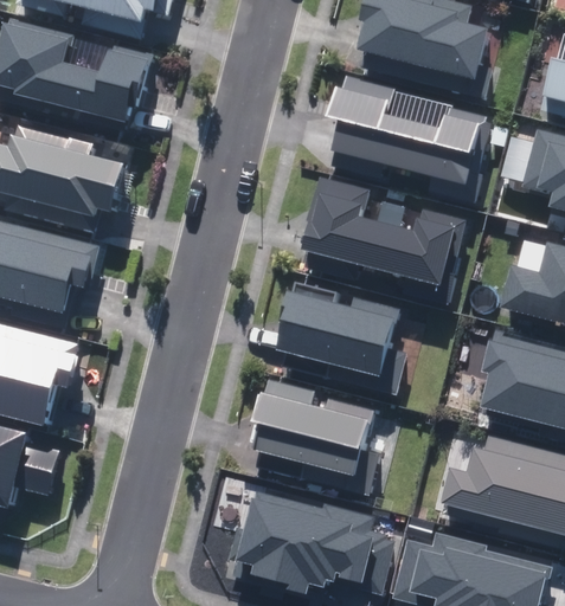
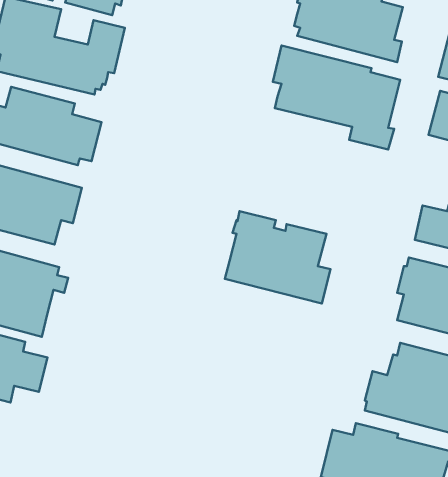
building: [297,175,464,302] -> none
building: [250,374,375,489] -> none
building: [235,484,390,588] -> none

